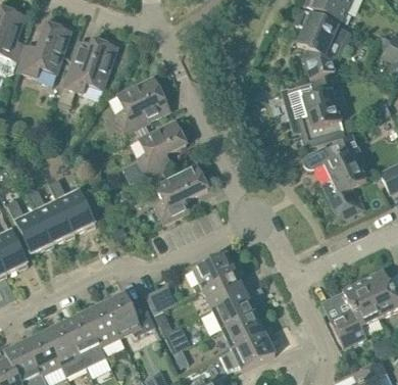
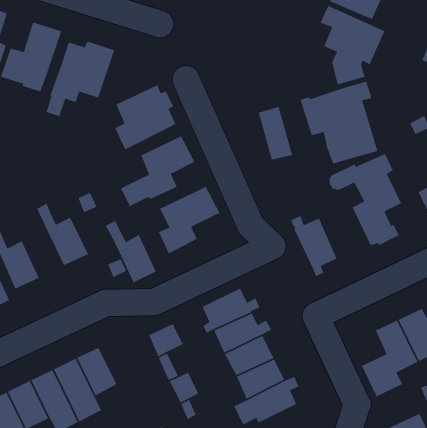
building: none -> [258,106,293,161]
building: [28,189,72,244] -> [105,220,157,284]
building: none -> [290,215,338,277]
building: [103,292,155,337] -> none

